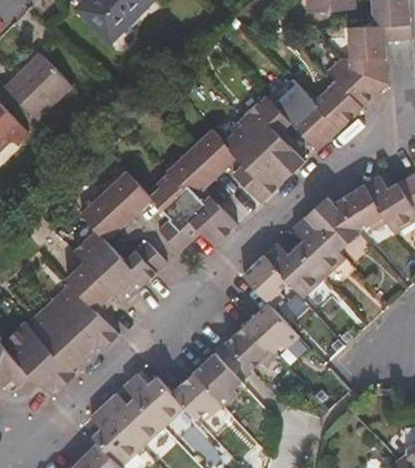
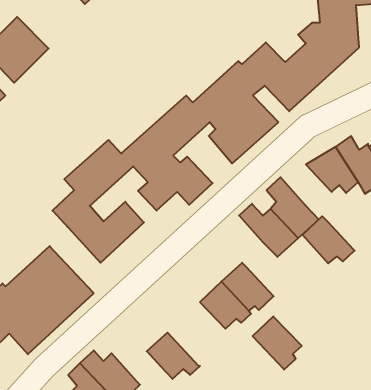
building: [307,197,360,245] -> [303,216,355,263]
building: [242,255,289,307] -> none
building: [72,267,124,321] -> none
building: [192,354,242,408] -> [253,316,302,370]
building: [125,373,185,427] -> none

